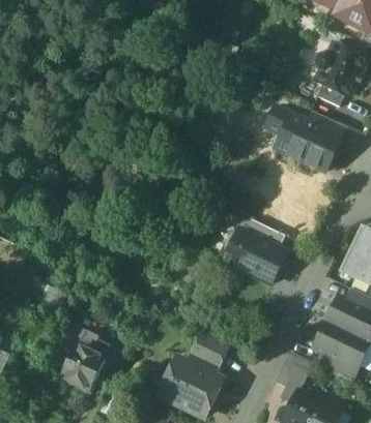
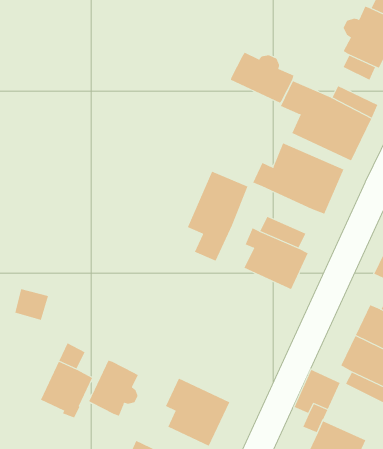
building: none -> [230,52,294,104]
building: none -> [252,142,344,215]
building: none -> [187,171,248,261]
building: [191,331,228,367] -> none
building: none -> [89,360,139,416]

